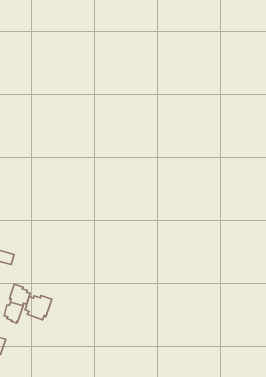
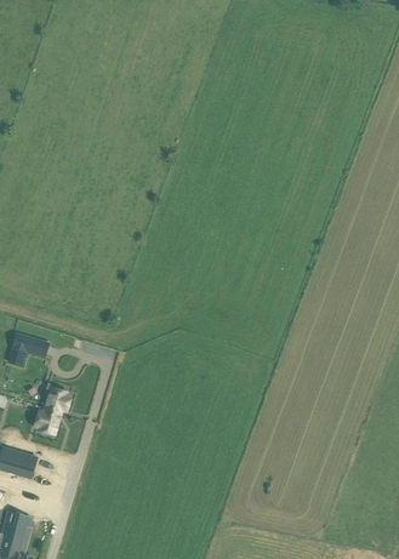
building: [25,295,52,320] -> none

